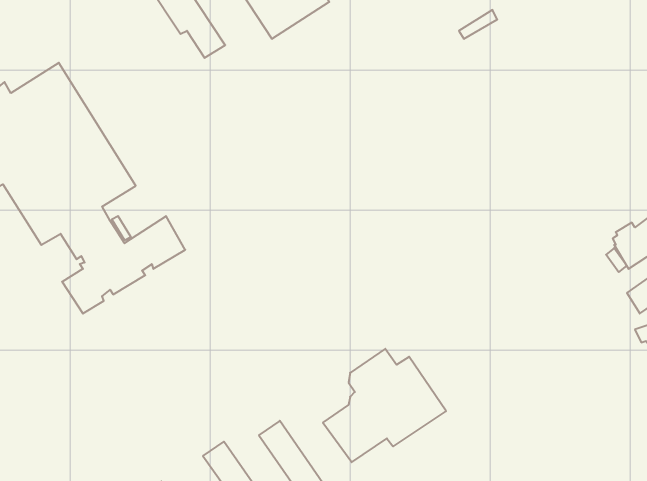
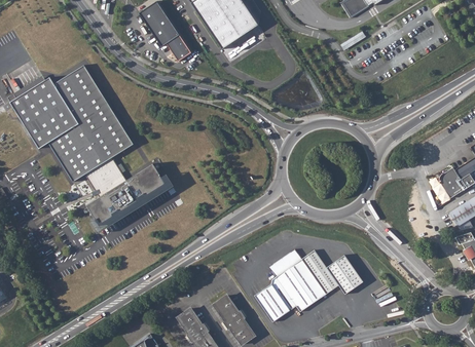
building: none -> [309,249,363,296]

